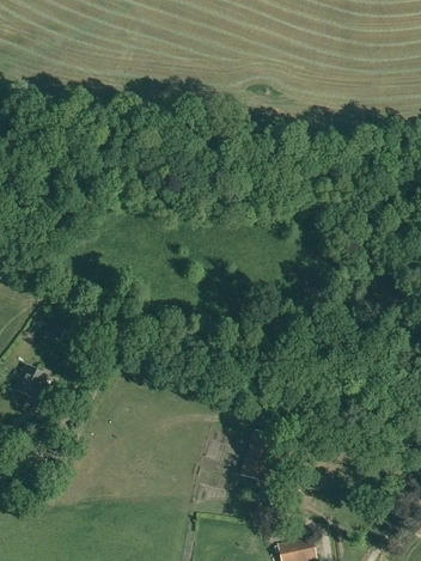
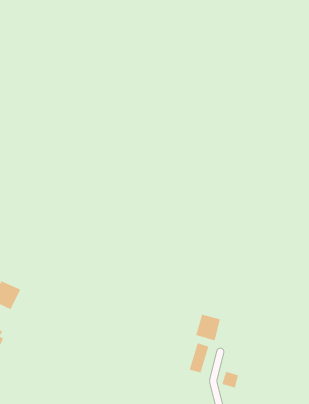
building: none -> [195,314,221,341]

